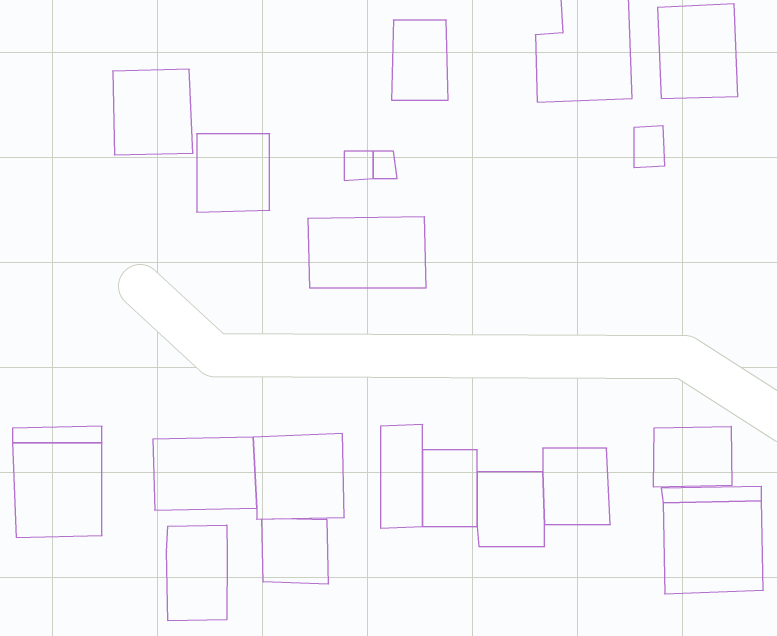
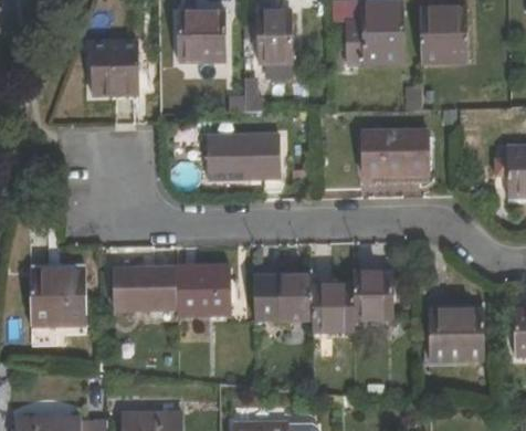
building: [197,134,270,212] -> [178,15,222,63]
building: none -> [362,126,429,171]
building: [654,426,732,487] -> none
building: [262,519,328,584] -> none
building: [167,525,227,621] -> none

